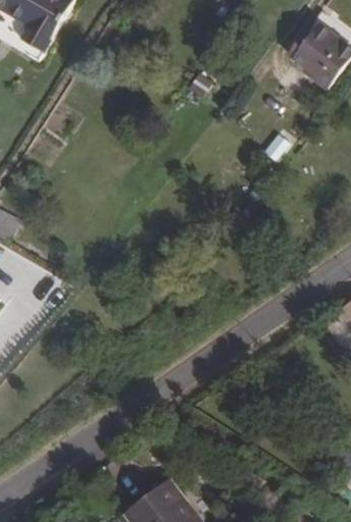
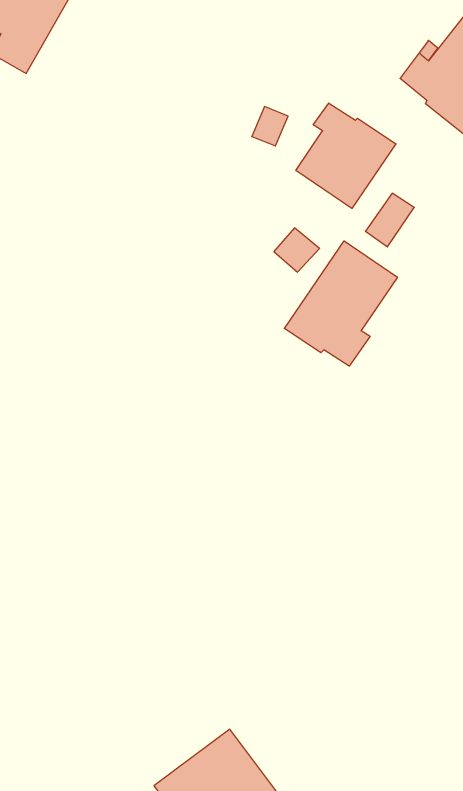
building: none -> [296,103,396,208]
building: none -> [284,241,397,366]

